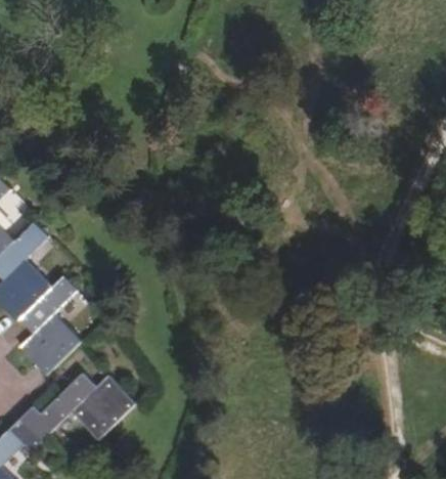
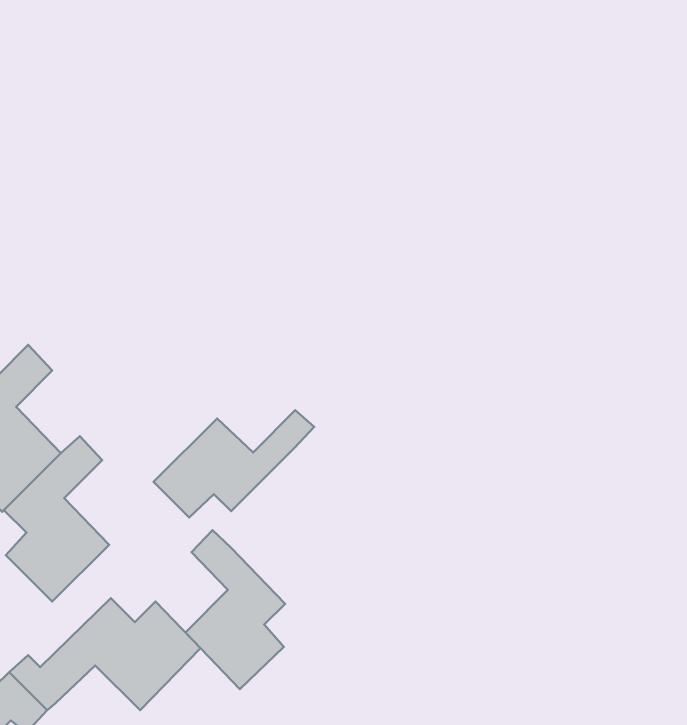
building: none -> [154,410,314,518]
building: none -> [185,530,285,689]

